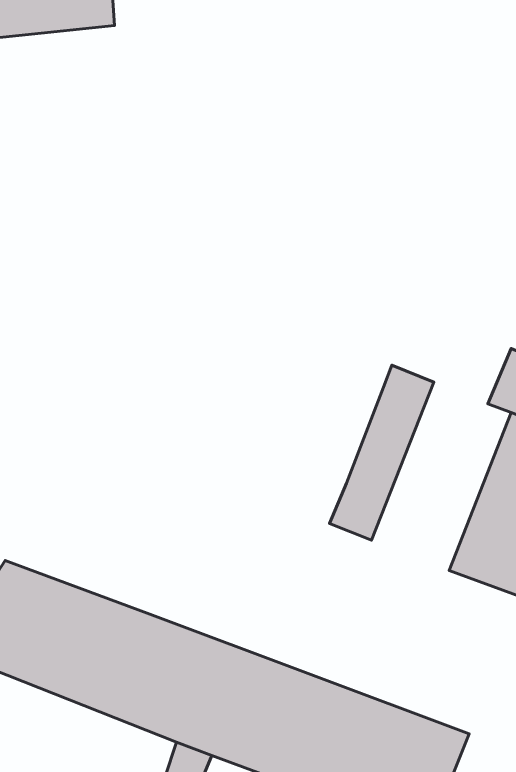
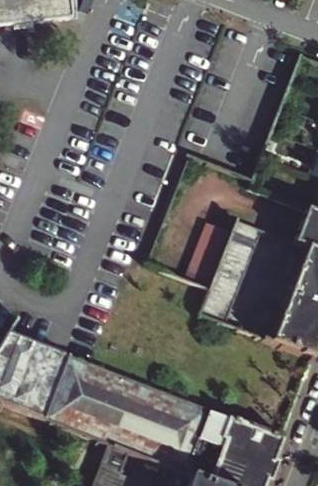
building: none -> [188,222,234,288]

